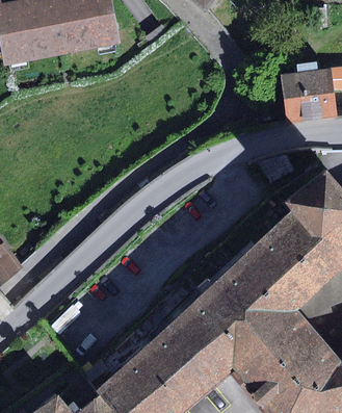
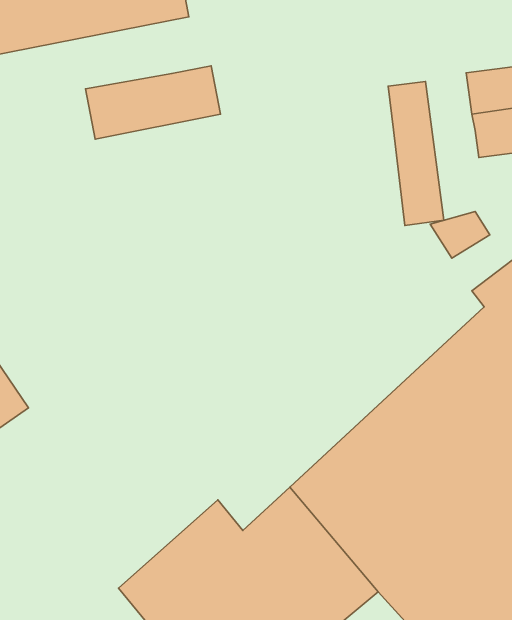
building: none -> [85,66,220,139]
building: none -> [388,81,444,225]

